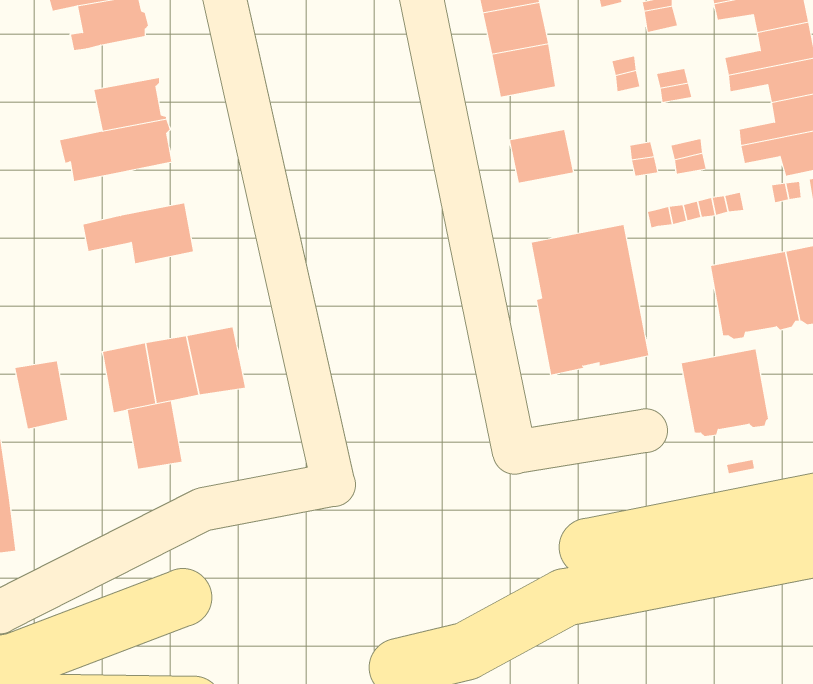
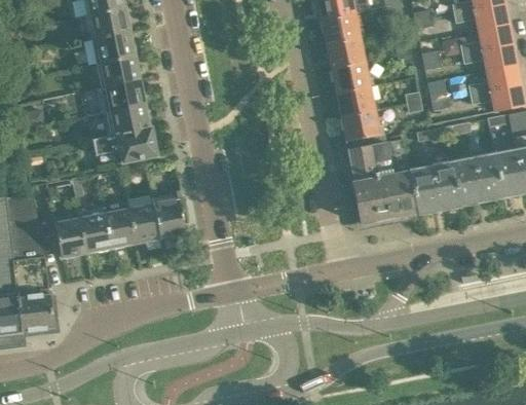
building: none -> [74,32,137,67]
building: none -> [332,61,369,91]
building: none -> [87,104,151,140]
building: none -> [342,110,379,141]
building: [681,349,769,438] -> [409,163,459,215]
building: [127,401,182,469] -> [78,213,110,252]

